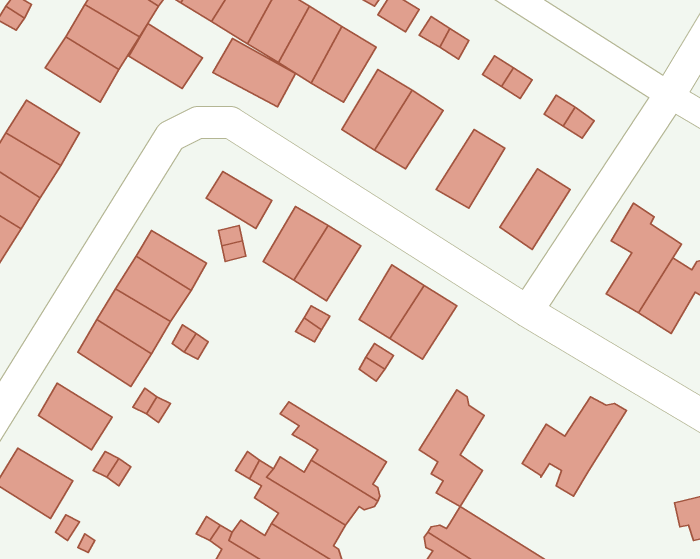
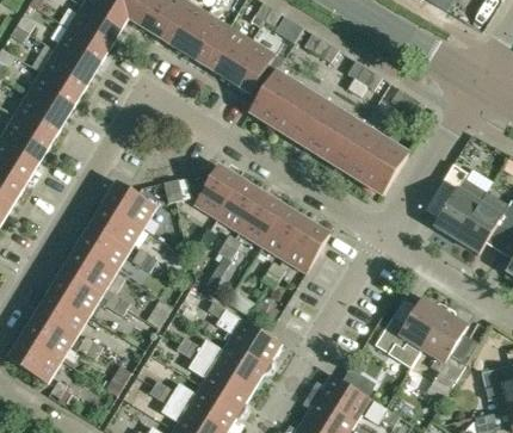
building: [129,24,203,89] -> [30,68,81,113]
building: [213,38,296,107] -> none
building: none -> [293,98,341,153]
building: none -> [338,124,385,179]
building: [206,172,272,228] -> none
building: none -> [239,192,284,243]
building: none -> [51,266,103,311]
building: [419,390,484,506] -> [421,307,466,388]
building: none -> [24,310,75,355]

